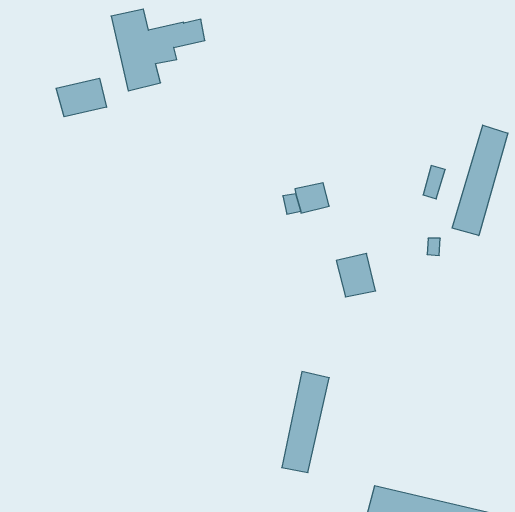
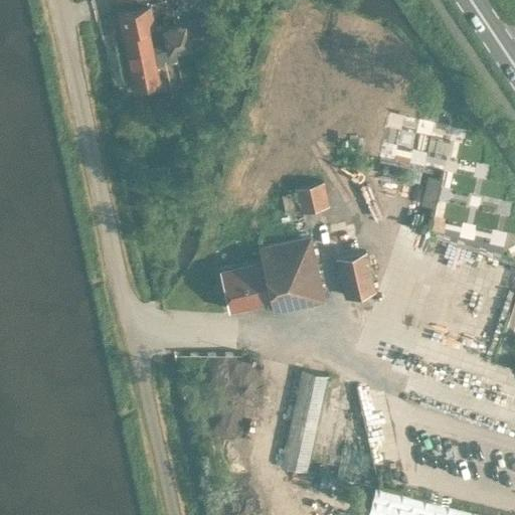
building: [56,78,107,117] -> none
building: [452,125,508,236] -> none
building: none -> [221,238,325,315]

